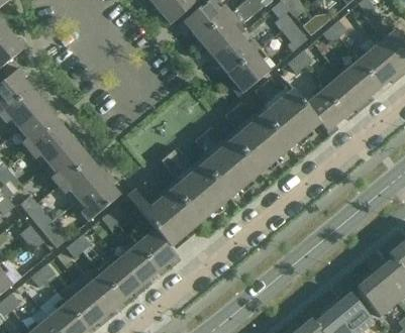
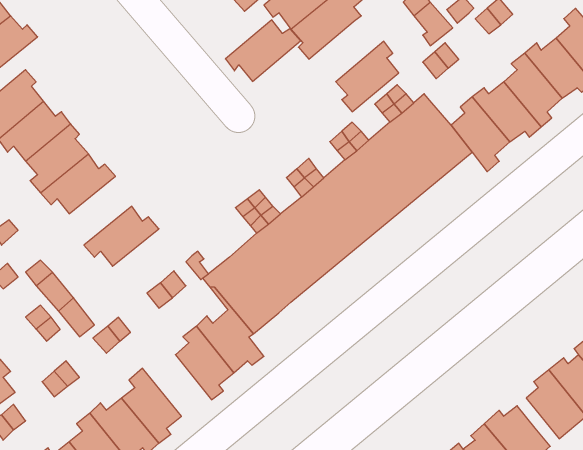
building: [210,34,261,76] -> [225,20,300,81]
building: [48,139,91,186] -> none
building: [78,175,120,222] -> none
building: [98,259,144,301] -> none

